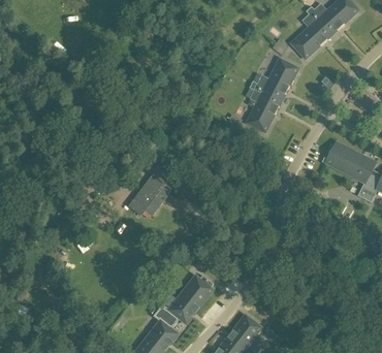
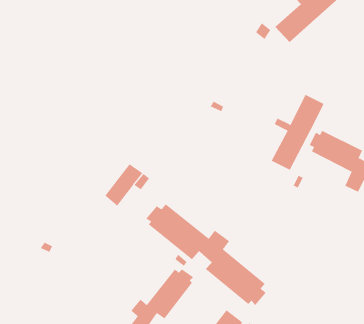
building: [246,59,297,132] -> [271,94,324,170]
building: none -> [145,203,267,306]

